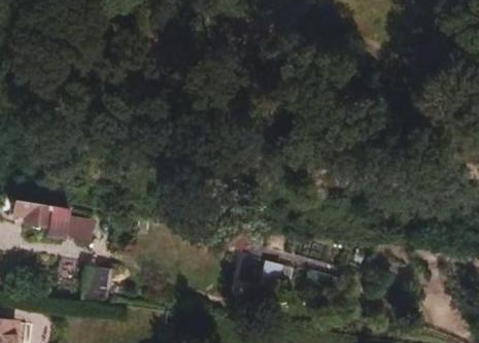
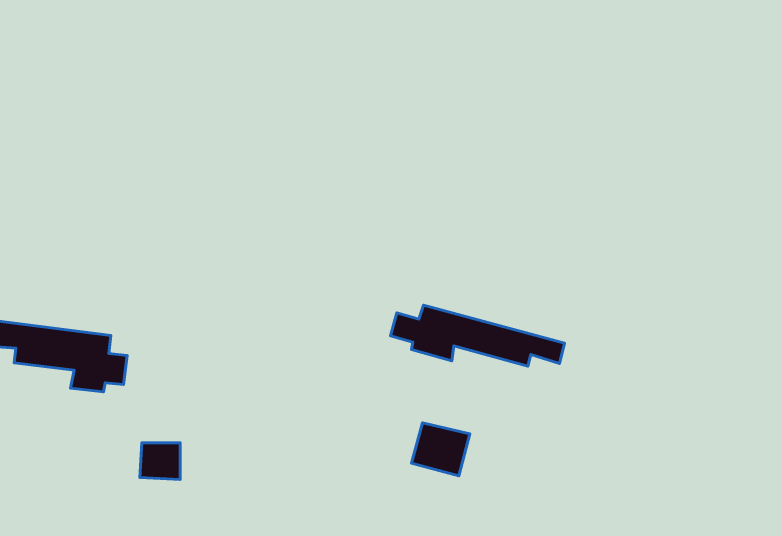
building: none -> [390,305,565,366]

